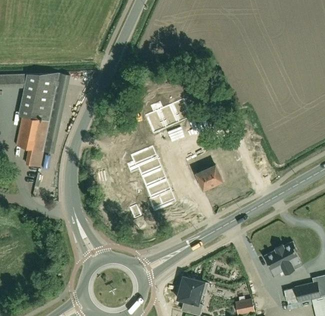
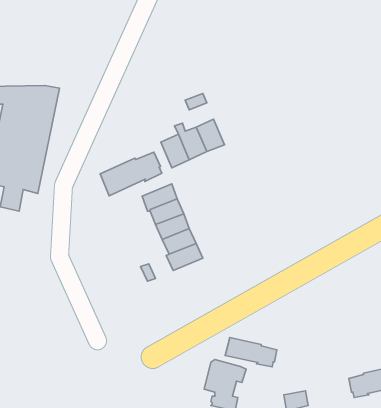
building: none -> [100,152,162,196]
building: [195,164,221,188] -> none
building: [263,241,297,275] -> none
building: none -> [225,338,277,367]

